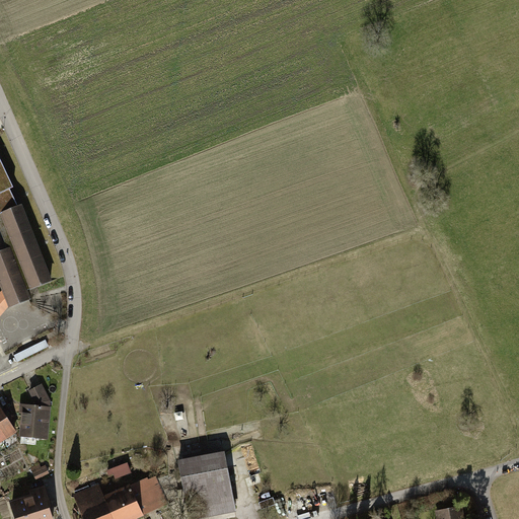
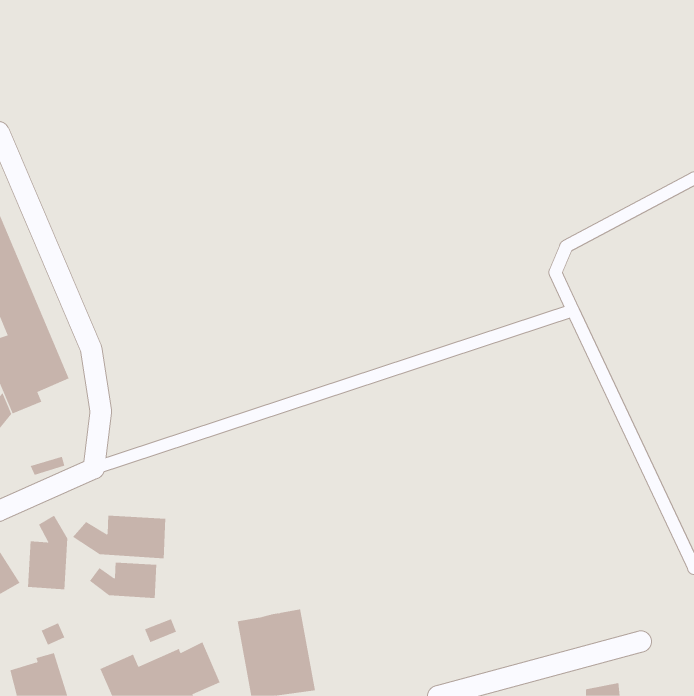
building: none -> [72,515,166,559]
building: none -> [89,562,157,599]

